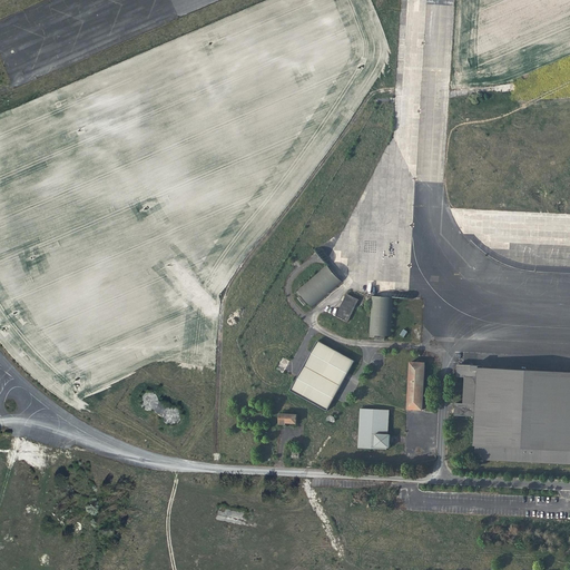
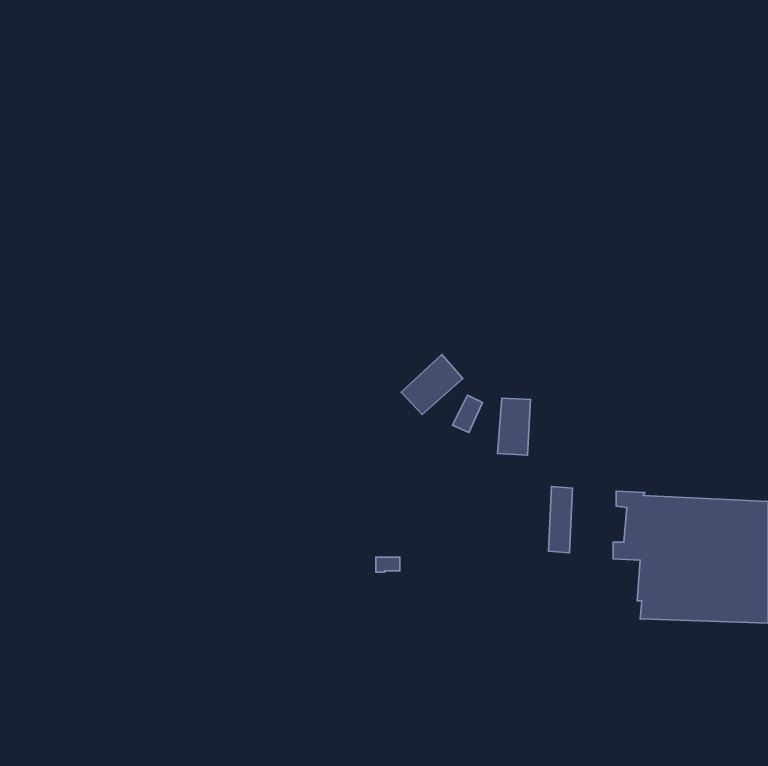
building: [289,340,354,410] -> none
building: [357,407,390,449] -> none

